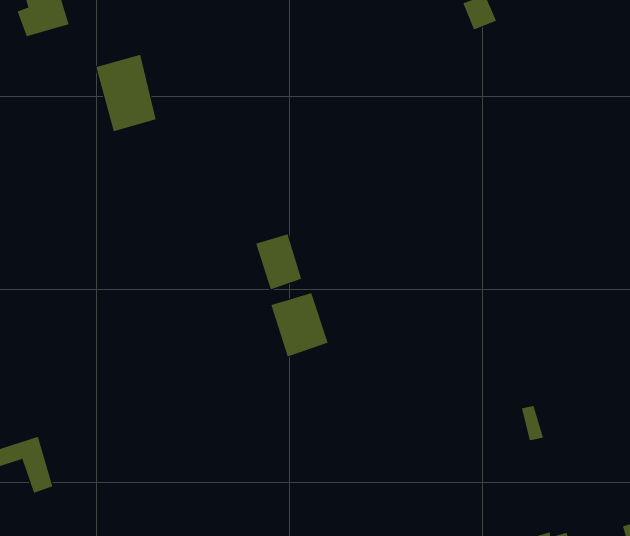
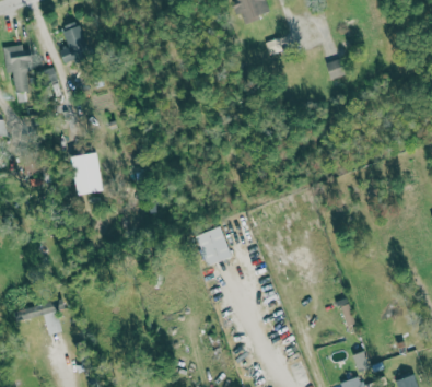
building: [96,54,157,132] -> [71,151,105,196]
building: [255,234,302,290] -> none

